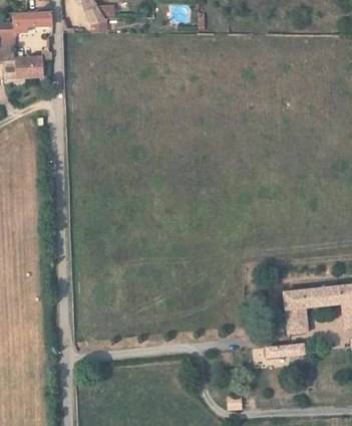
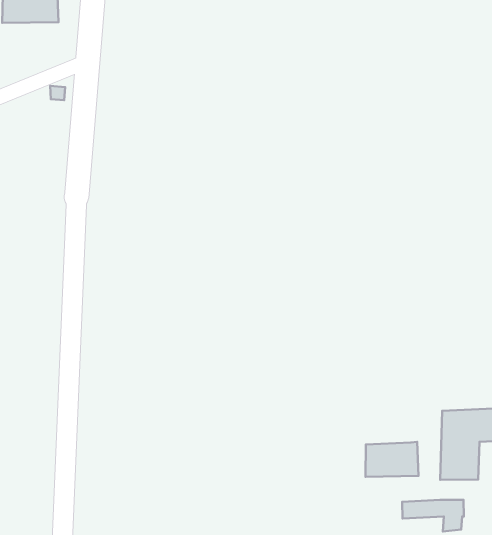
building: none -> [366,442,418,477]

